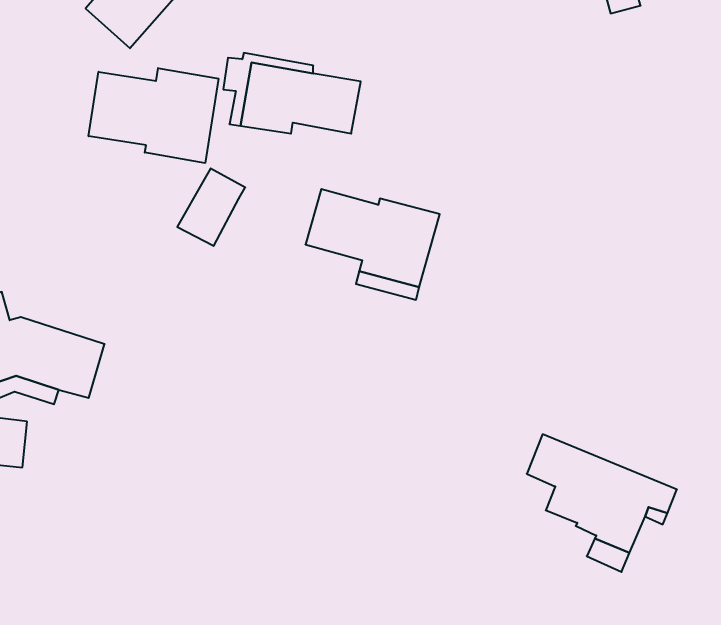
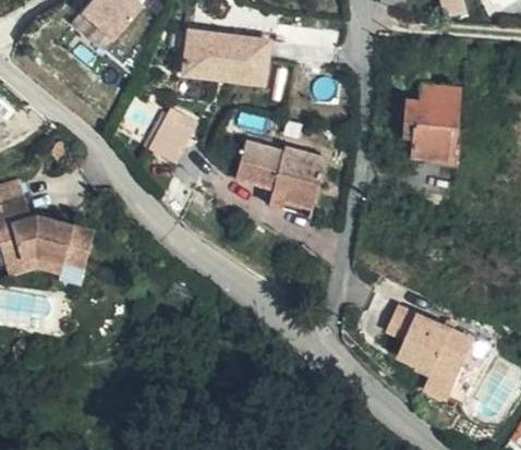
building: [89,68,218,163] -> none
building: none -> [402,82,459,160]

